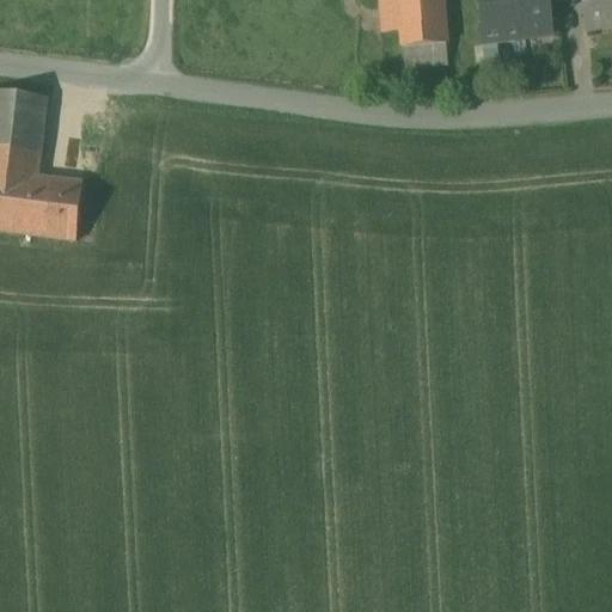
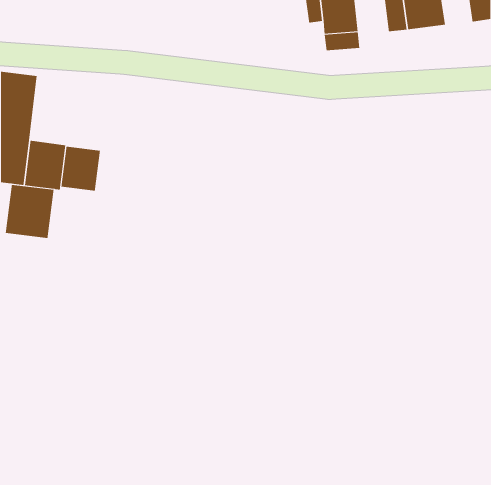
building: none -> [61,146,101,191]
building: none -> [5,184,54,239]

